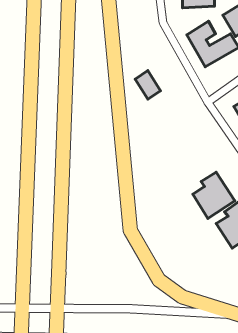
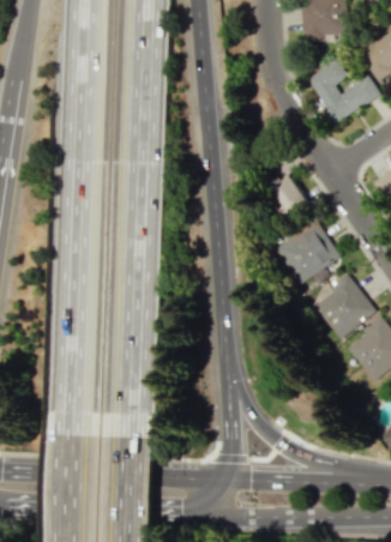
building: [135,71,160,99] -> [271,173,307,213]
building: none -> [276,221,341,284]

